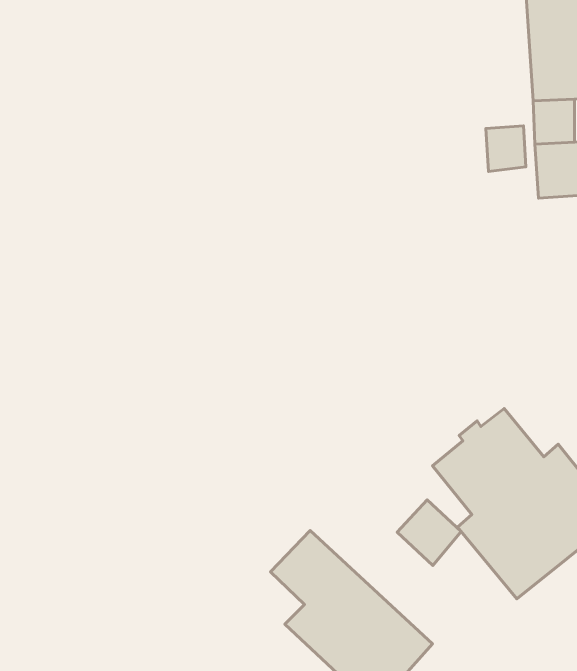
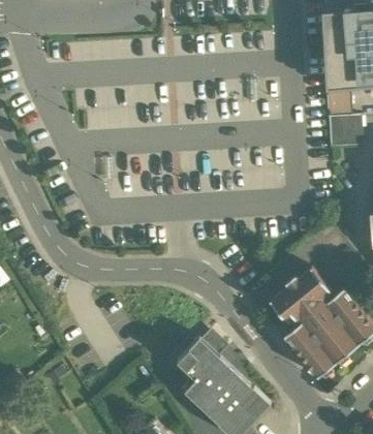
building: [486,126,526,171] -> none
building: [397,500,461,565] -> none

